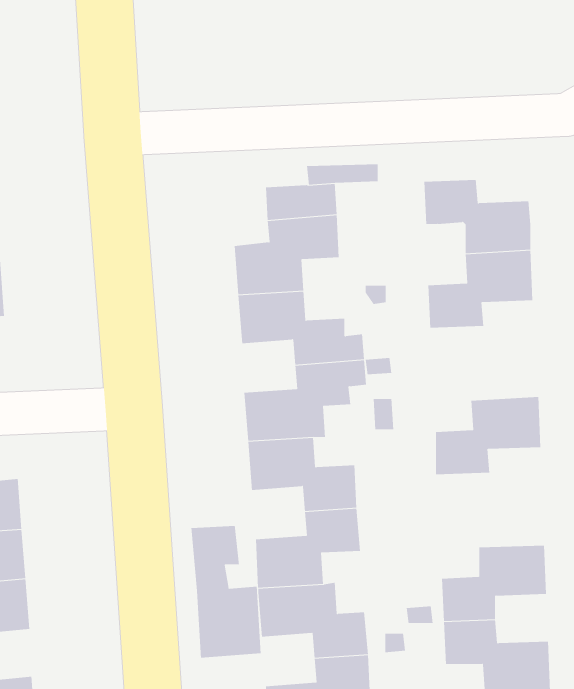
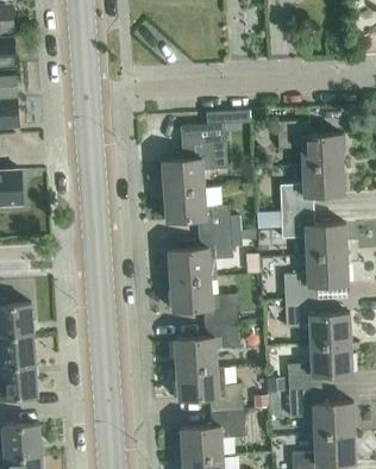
building: none -> [281,211,347,256]
building: none -> [284,300,351,345]
building: [191,525,261,658] -> none

